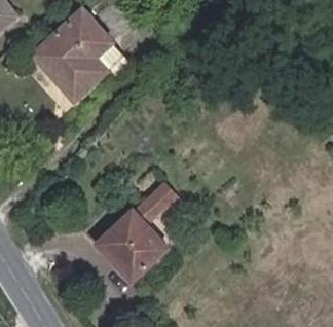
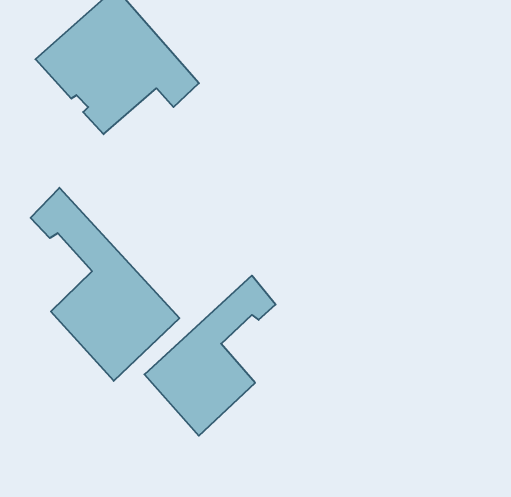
building: none -> [31,188,179,381]

